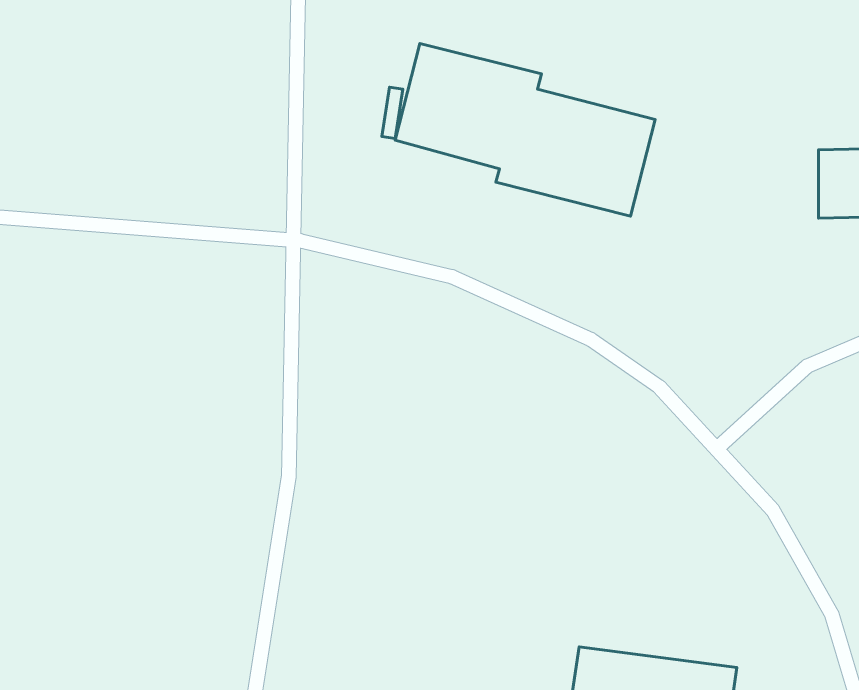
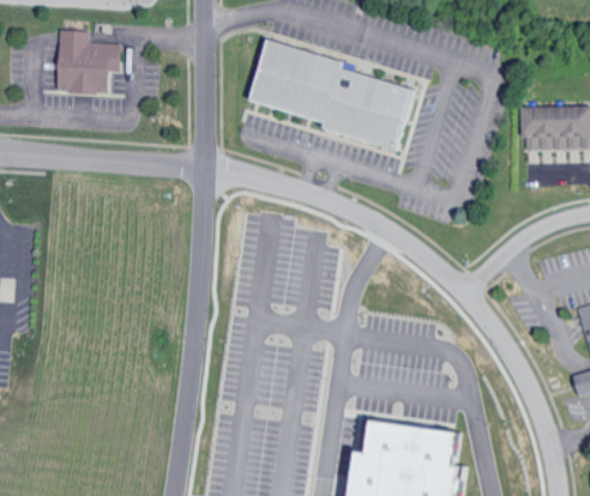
building: none -> [48,29,116,93]

